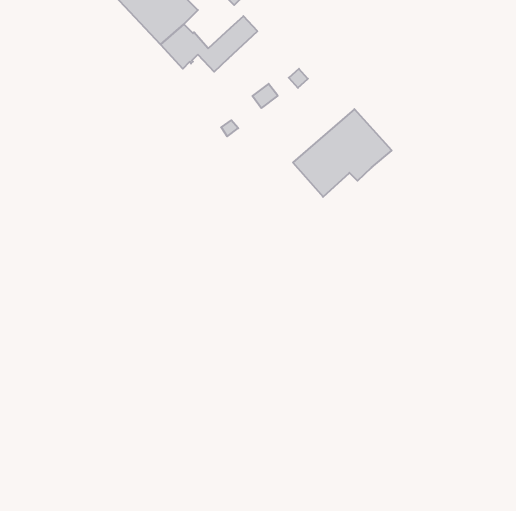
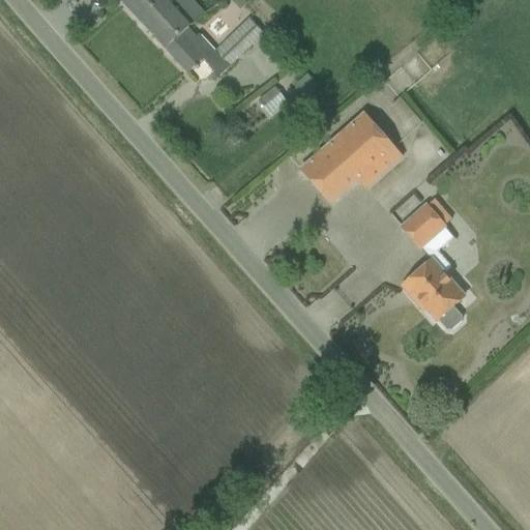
building: none -> [402,203,445,246]
building: none -> [403,258,464,327]

